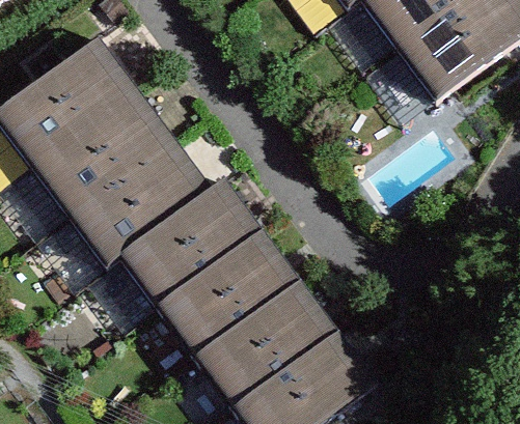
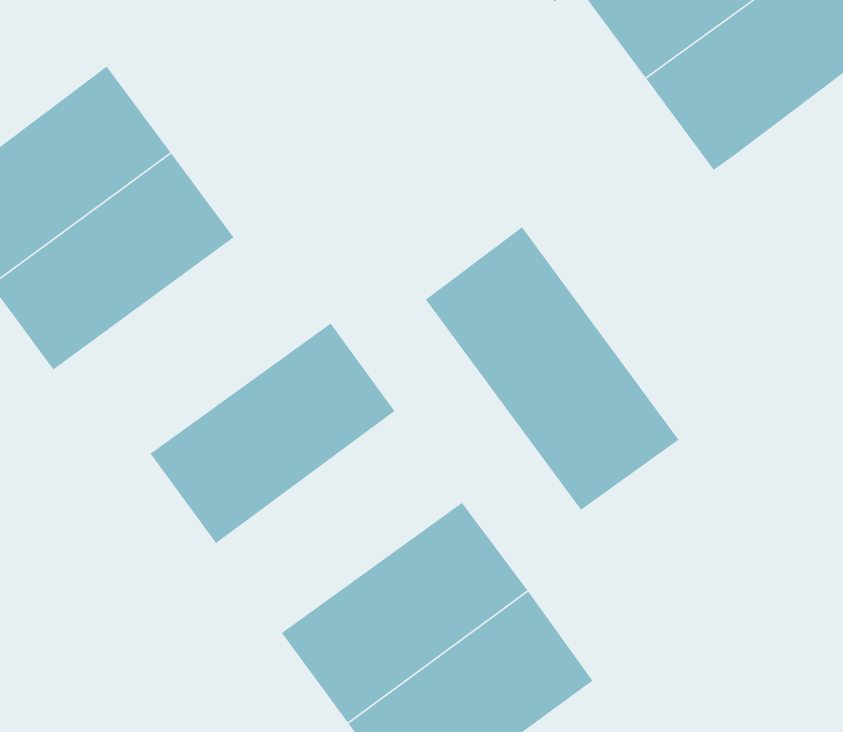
building: none -> [425,226,679,511]
building: [66,134,203,256] -> none
building: [158,231,296,356] -> none

